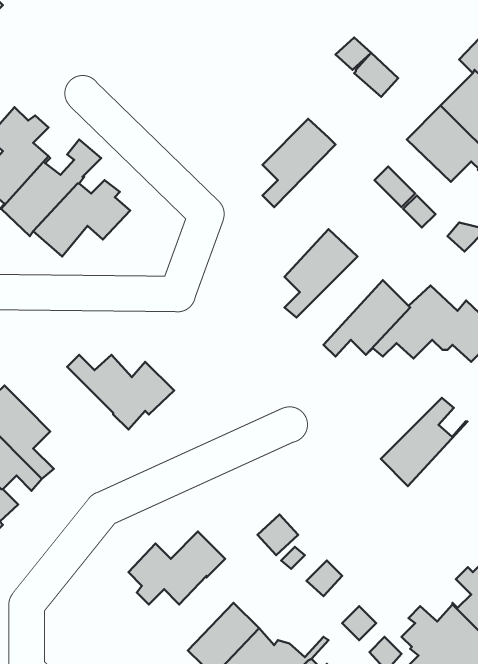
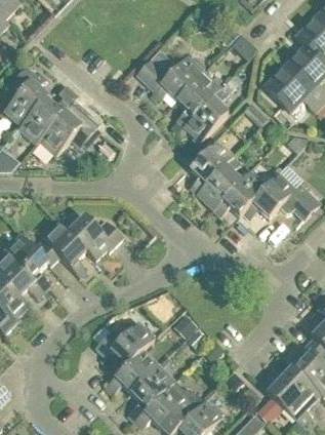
building: none -> [136,50,205,103]
building: none -> [184,78,238,145]
building: none -> [34,224,87,277]
building: [381,398,467,486] -> [197,157,249,210]
building: none -> [105,350,159,395]

